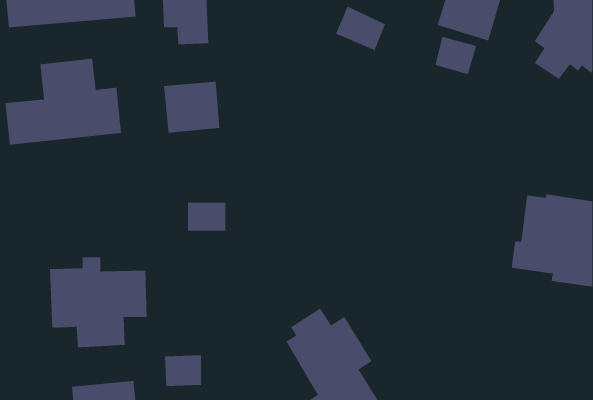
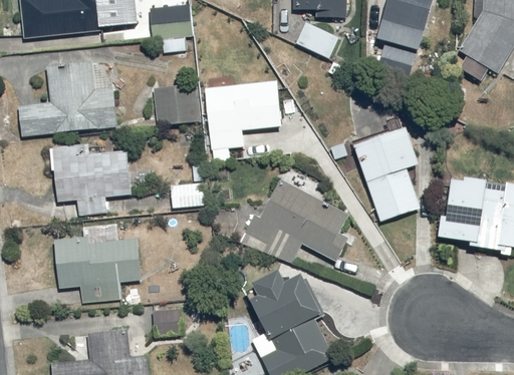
building: none -> [206,82,278,144]
building: none -> [352,121,439,225]
building: none -> [48,135,127,214]
building: none -> [237,175,349,265]

